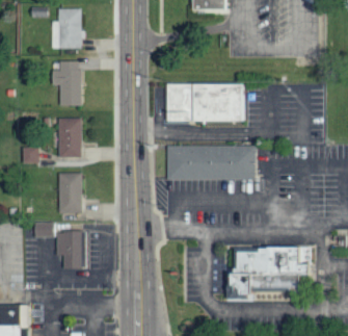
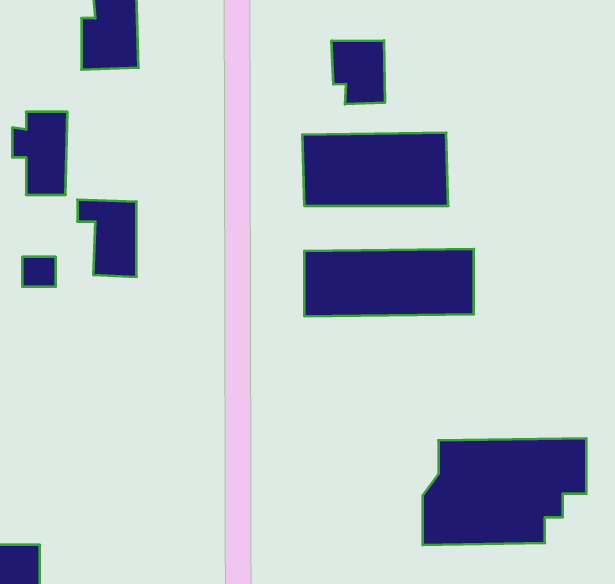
building: none -> [332,40,385,104]
building: [49,61,78,105] -> [12,112,67,195]
building: [54,173,79,213] -> none
building: [35,219,84,267] -> none

